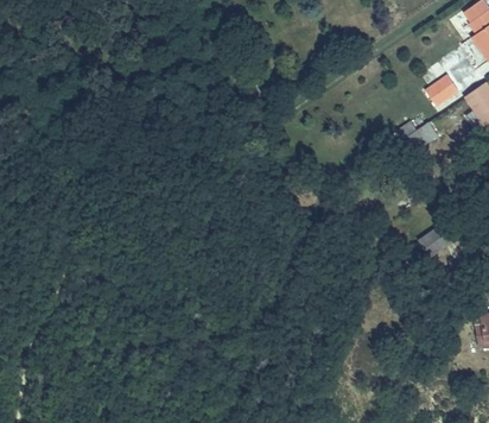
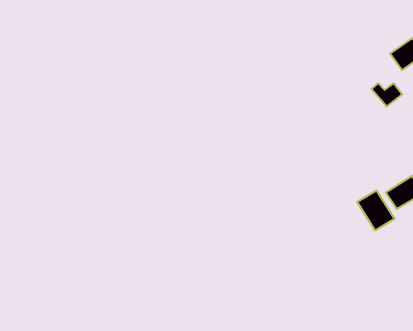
building: none -> [357,190,395,230]

